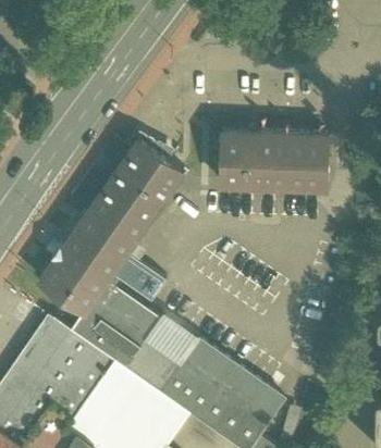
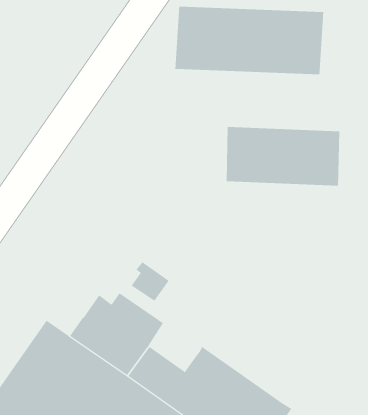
building: none -> [175,6,324,75]
building: [39,139,183,313] -> none
building: [147,320,195,364] -> none

